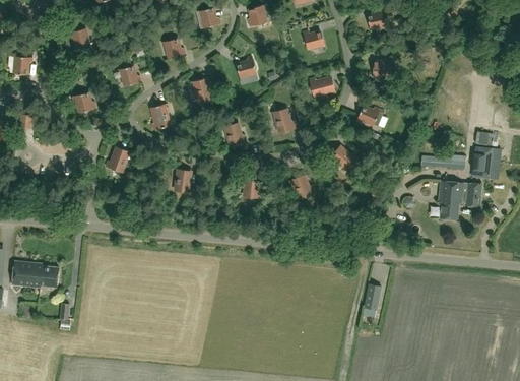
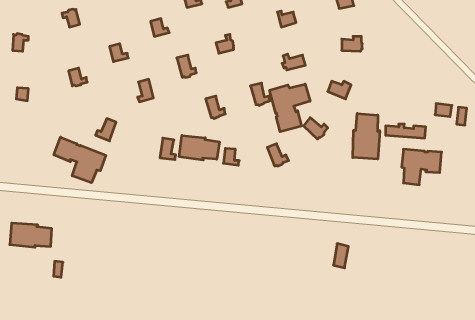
building: none -> [270,84,310,132]
building: none -> [353,113,380,159]
building: [471,146,492,177] -> none
building: none -> [179,135,219,160]
building: none -> [54,137,106,183]

